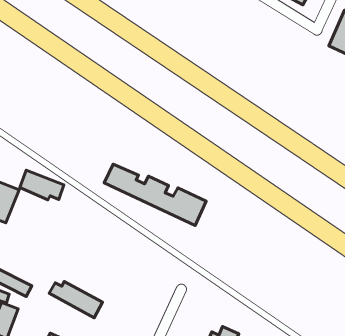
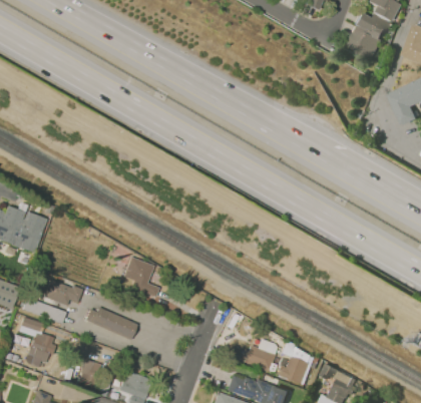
building: [104,164,206,225] -> none
building: [20,170,64,200] -> [38,276,82,304]
building: none -> [123,257,159,298]

